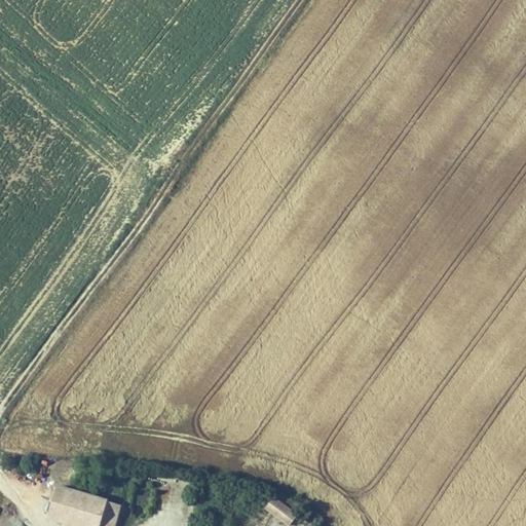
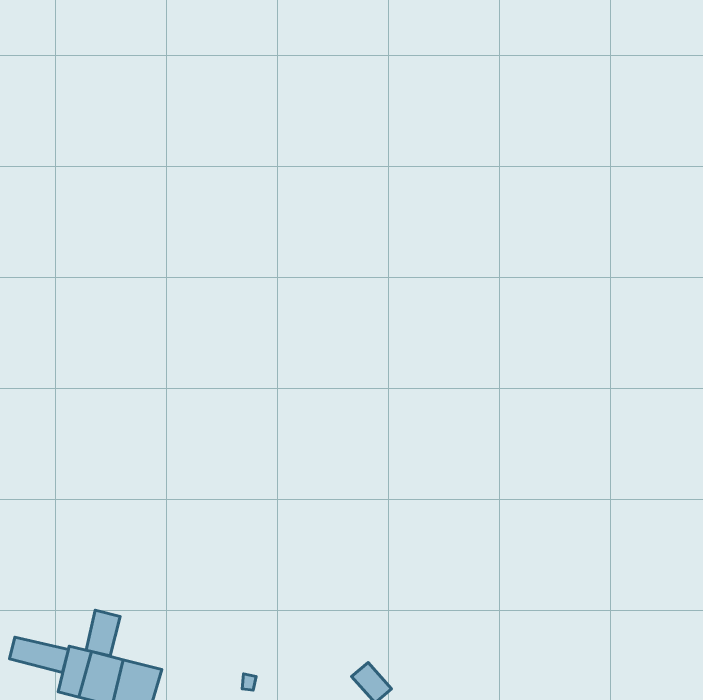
building: none -> [86,610,120,656]
building: none -> [10,637,68,673]

